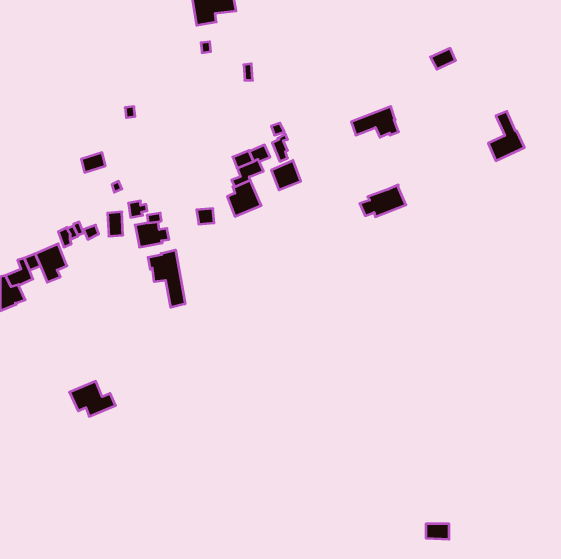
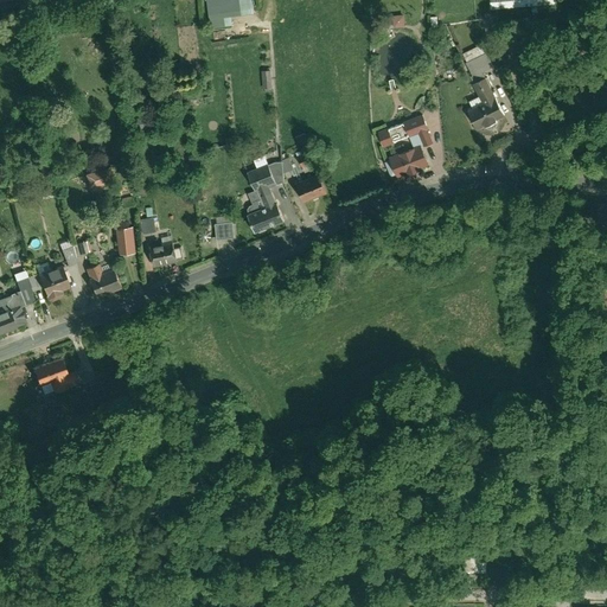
building: [488,111,524,161] -> [465,76,504,129]
building: [360,185,406,217] -> [379,143,429,178]
building: none -> [88,263,121,298]
building: [148,250,185,307] -> none
building: [69,381,116,416] -> [33,359,83,397]

